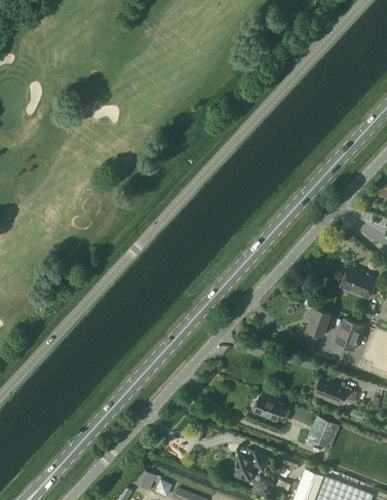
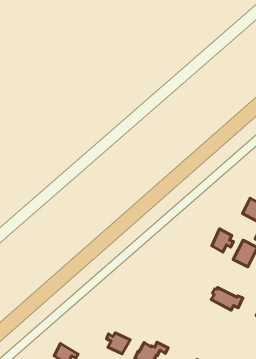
building: [254,396,283,421] -> none
building: [308,416,340,449] -> none
building: none -> [106,333,130,354]

